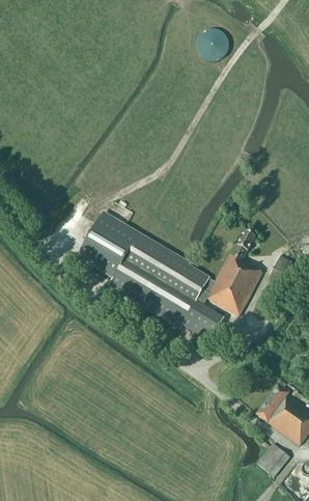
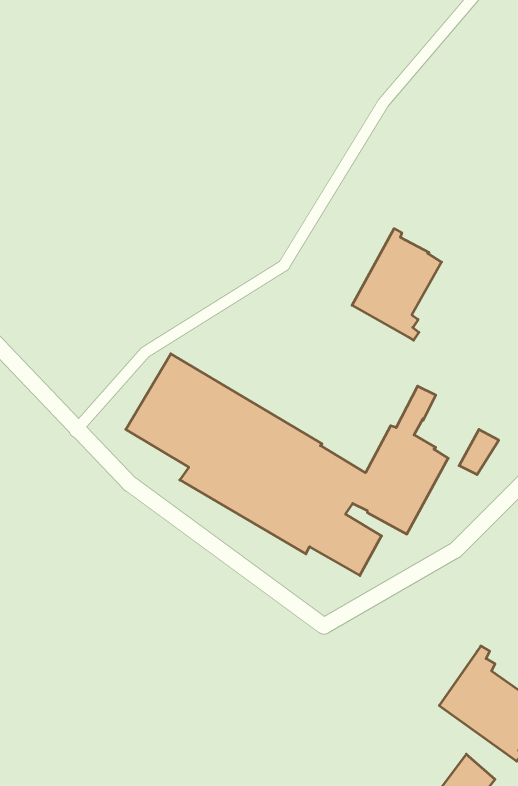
building: [196,28,228,60] -> none
building: none -> [352,229,442,340]

